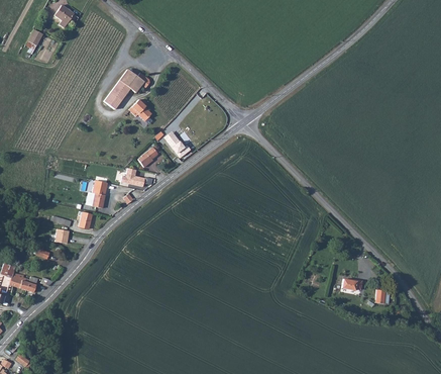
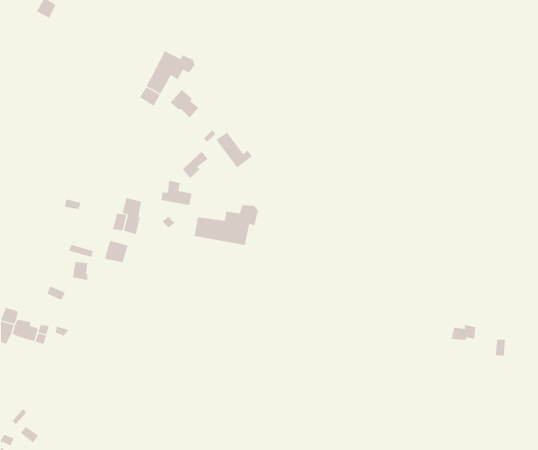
building: none -> [194,204,259,246]

